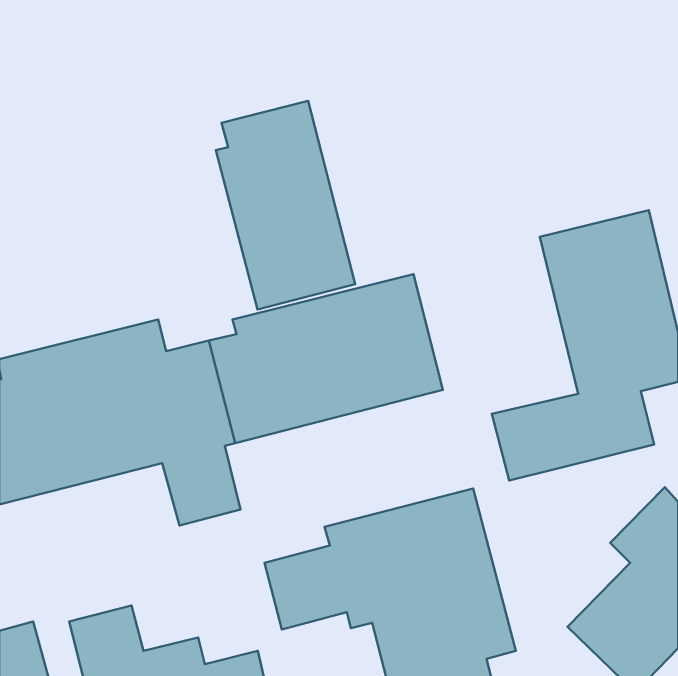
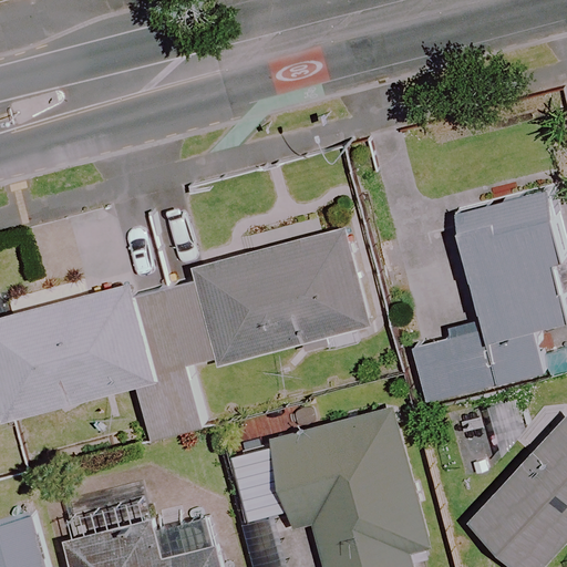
building: [216,101,355,309] -> none

